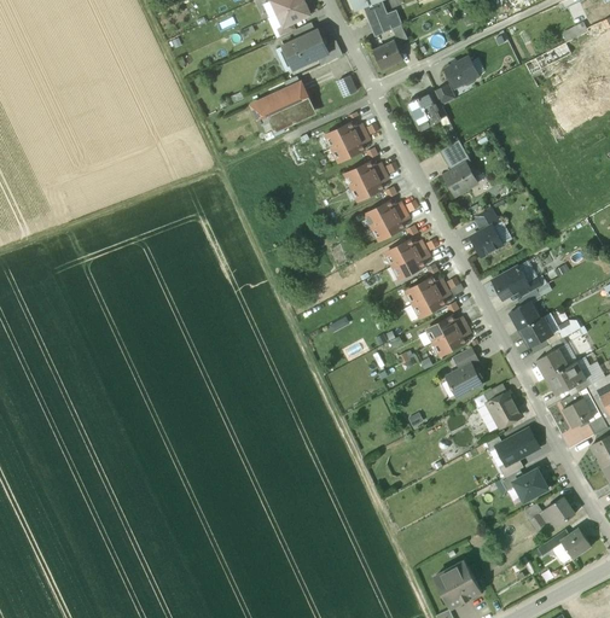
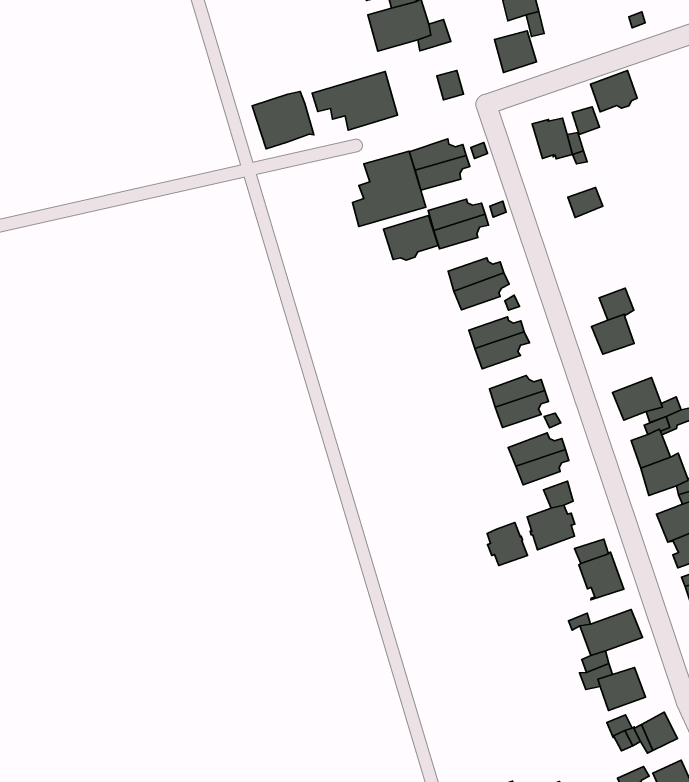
building: none -> [252,92,314,149]
building: none -> [352,151,426,226]
building: [443,162,476,194] -> none
building: none -> [383,215,438,260]
building: none -> [487,523,527,565]

